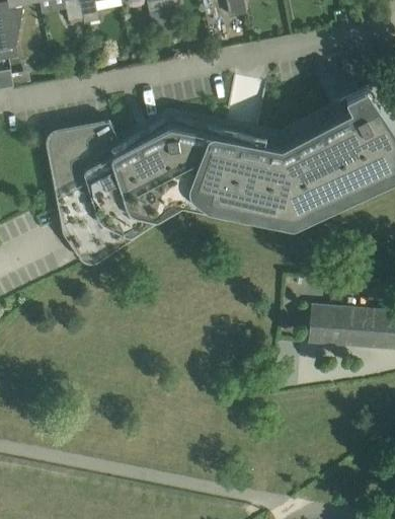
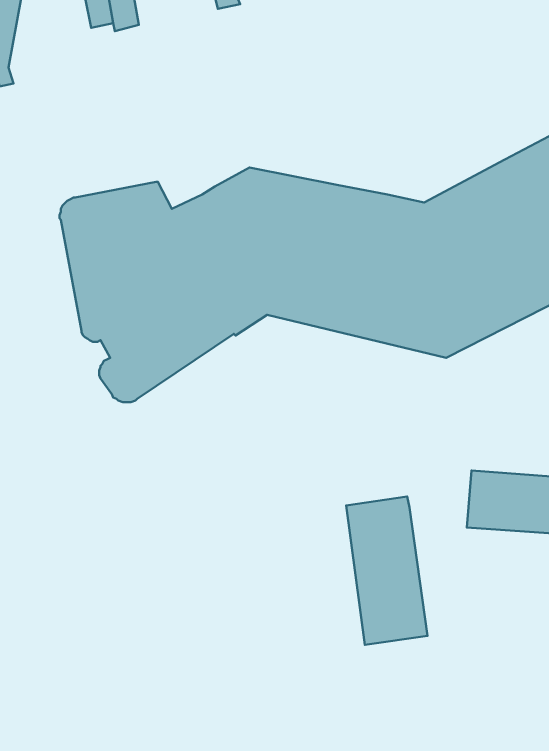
building: none -> [346,497,427,645]

